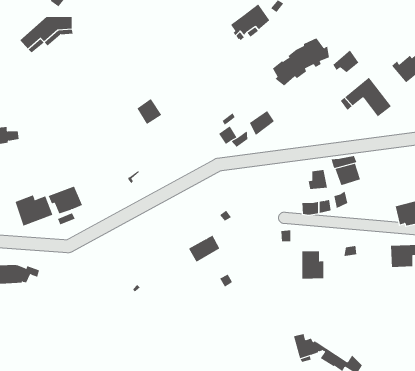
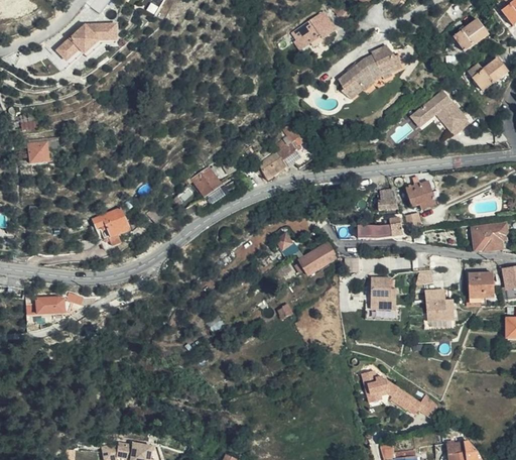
building: none -> [456,17,490,49]
building: [332,49,359,73] -> none
building: [136,98,162,125] -> [192,169,221,199]
building: [249,110,275,136] -> [257,150,285,179]
building: [15,195,53,226] -> none
building: [188,235,220,262] -> [301,244,337,274]
building: none -> [422,291,454,323]

